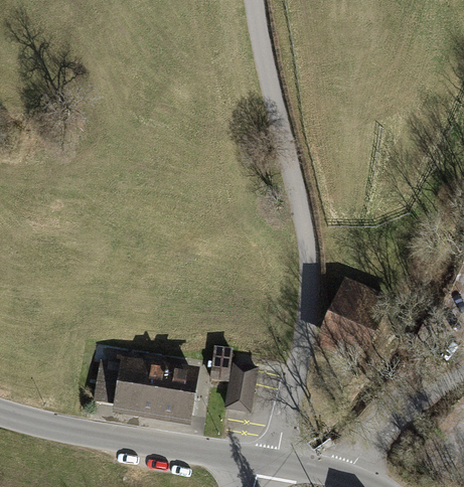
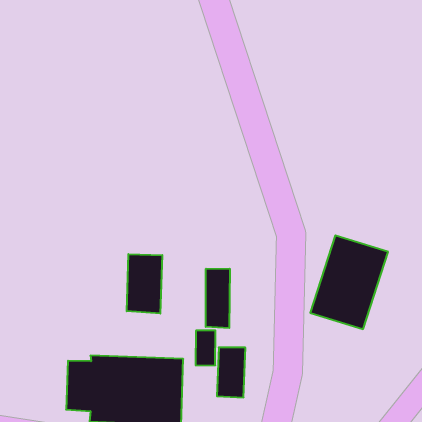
building: none -> [127,254,162,314]
building: none -> [206,269,230,328]

